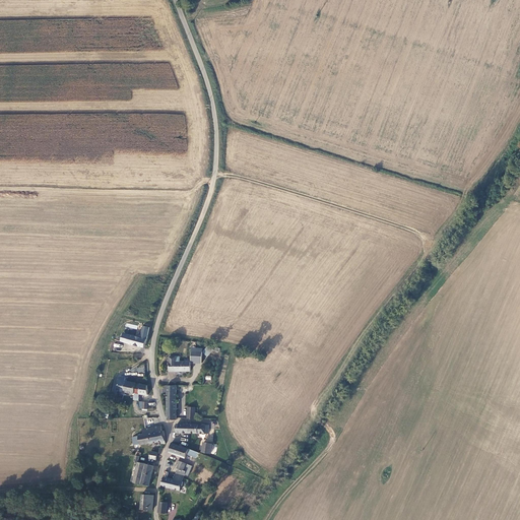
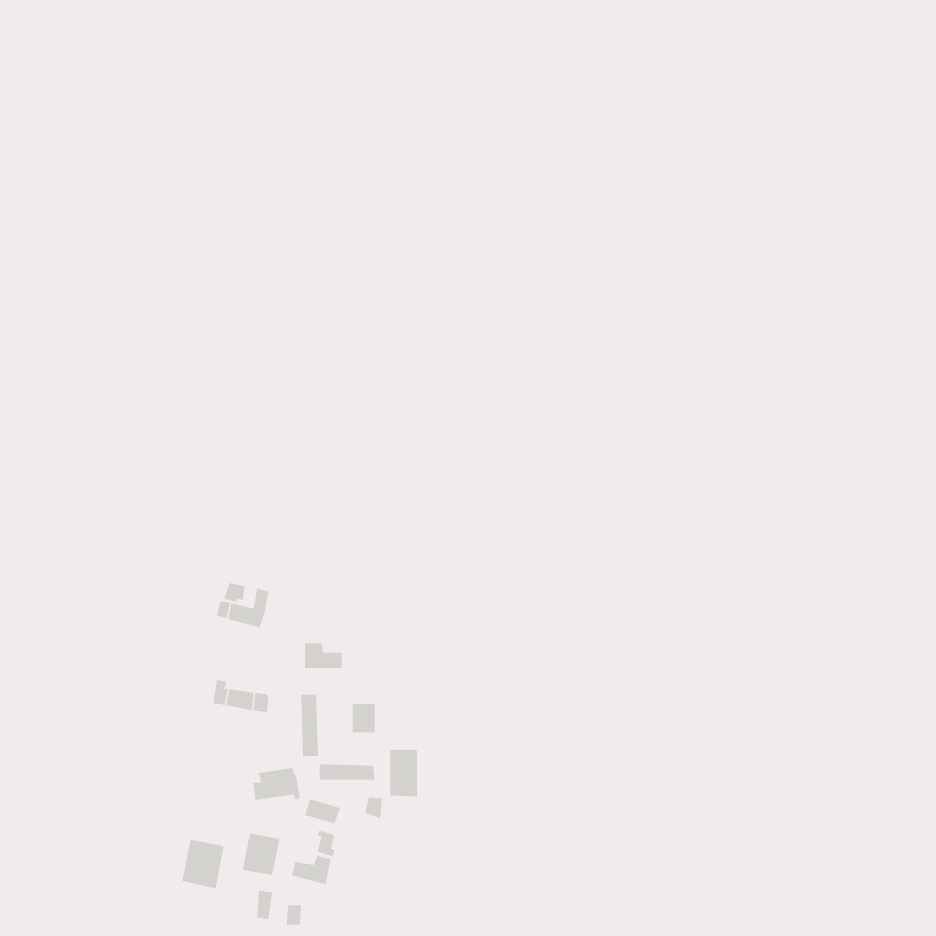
building: none -> [390,749,417,797]
building: none -> [182,839,224,889]

